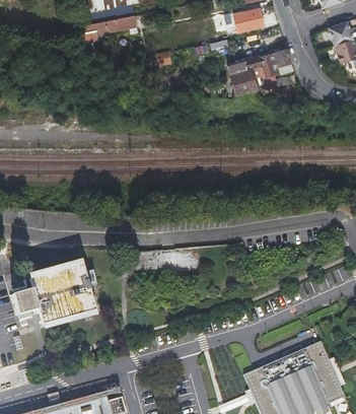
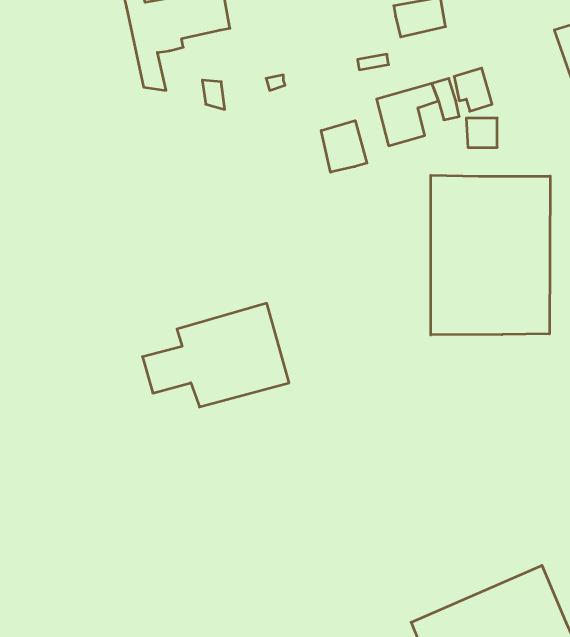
building: none -> [321,121,367,172]
building: none -> [431,175,550,335]
building: [11,262,97,323] -> [142,303,289,407]

